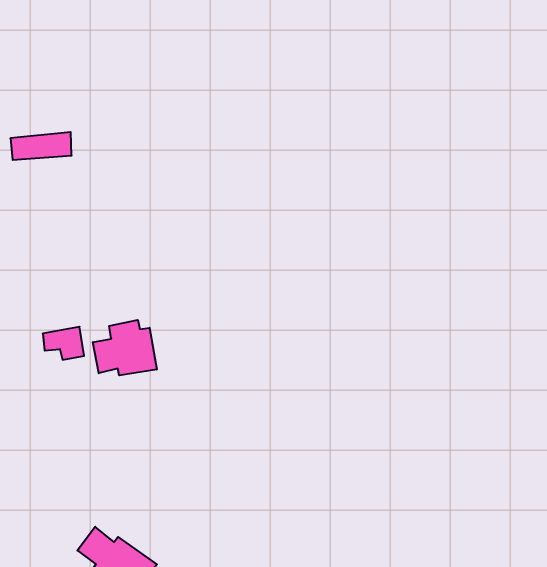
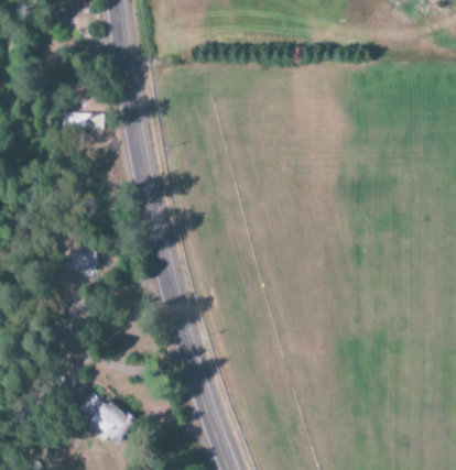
building: [93,320,157,375] -> none

